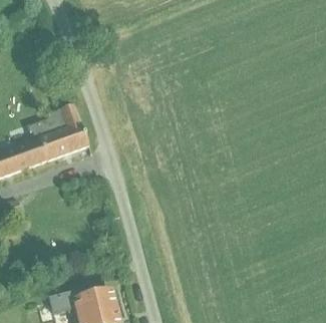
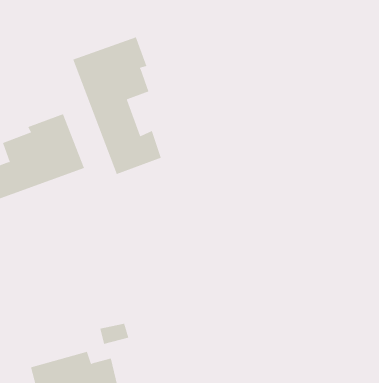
building: none -> [72,36,161,175]

